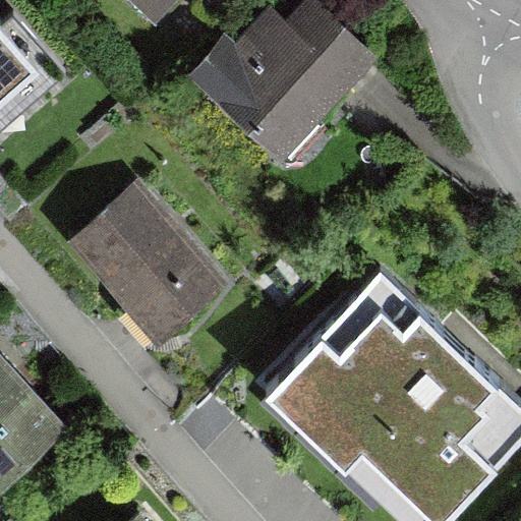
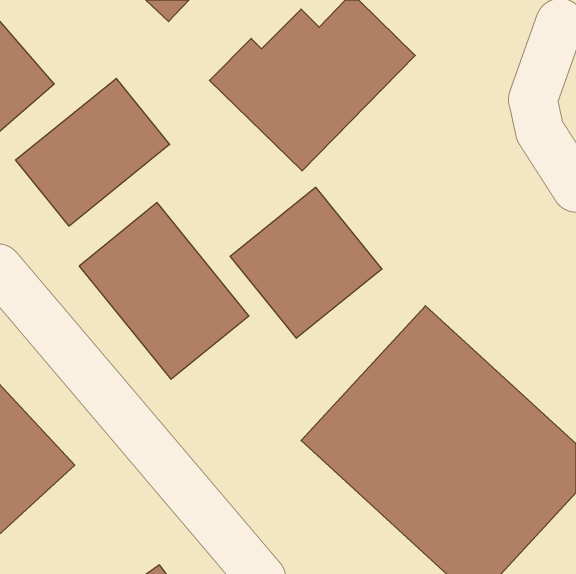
building: none -> [16,78,170,226]
building: none -> [230,187,382,338]

